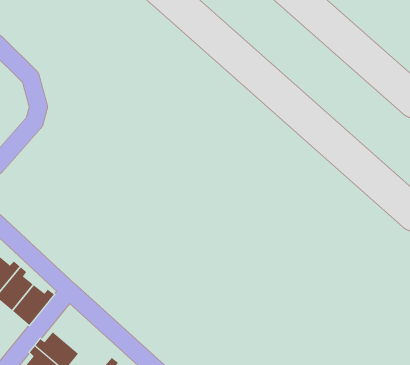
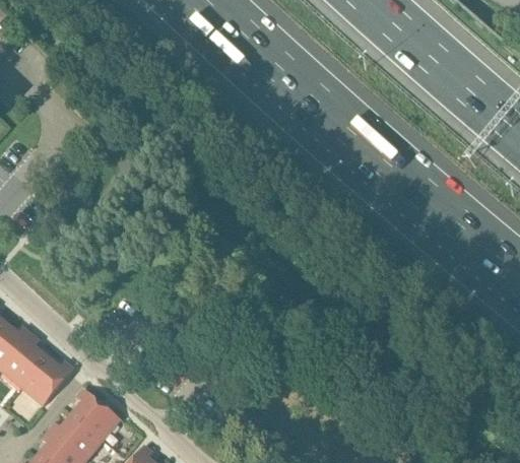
building: none -> [70,390,120,443]

